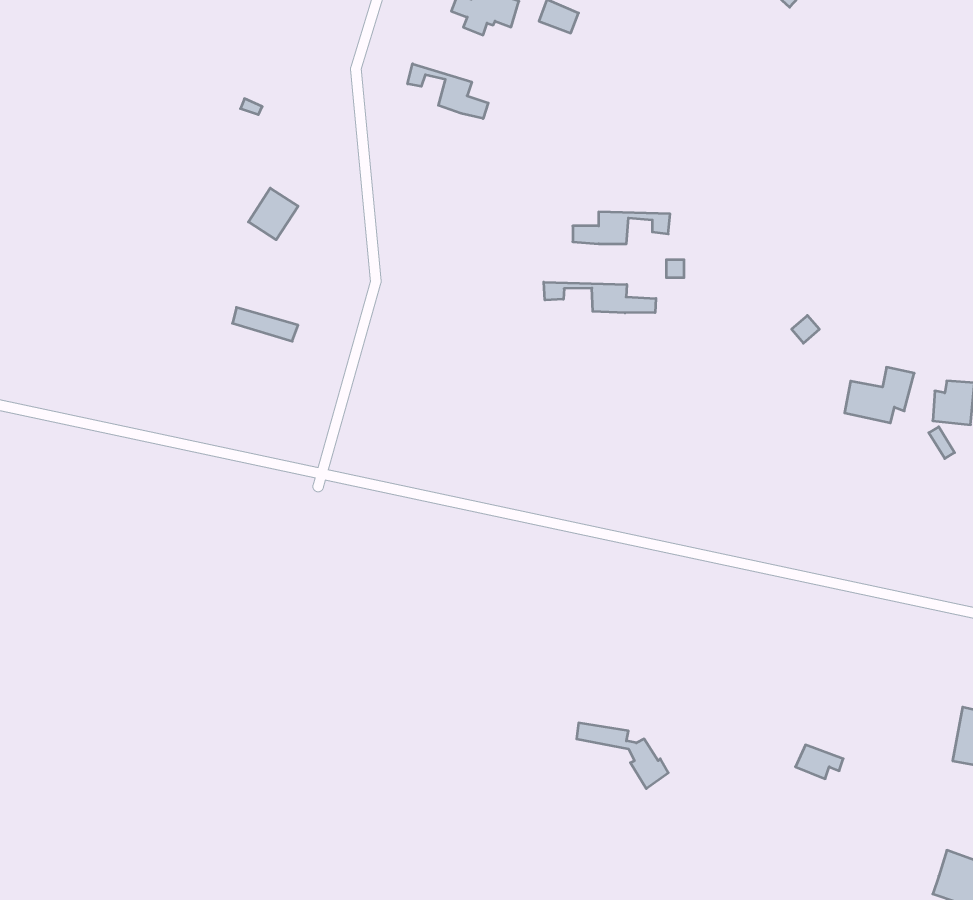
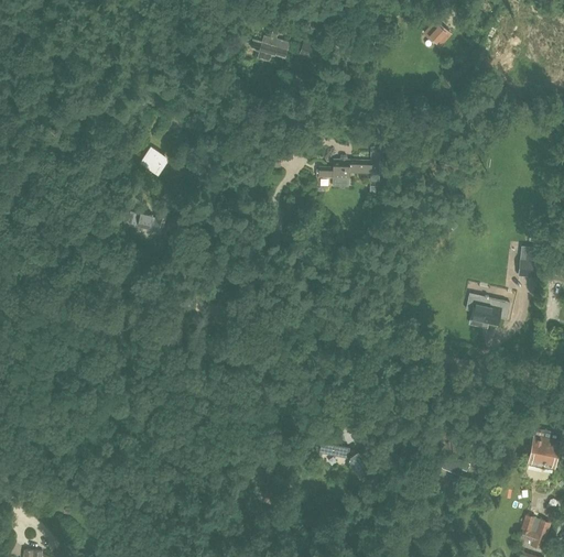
building: [408,64,488,119] -> none
building: [544,282,656,313] -> none
building: [845,367,914,423] -> [470,295,509,326]

